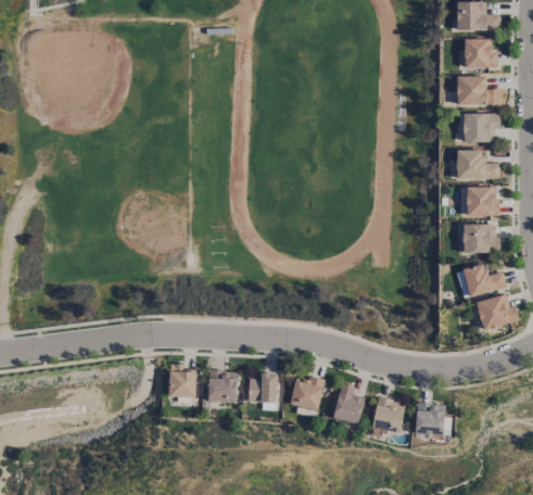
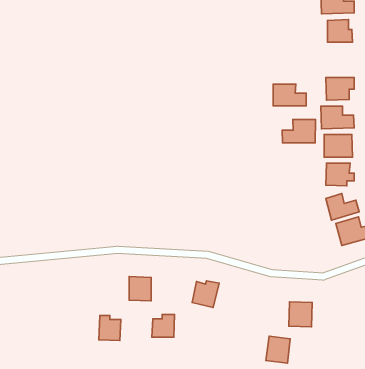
building: [457,76,499,104] -> [273,84,306,106]
building: none -> [282,119,316,143]
building: [168,364,196,396] -> [99,315,121,341]
building: [248,372,277,402] -> [152,315,175,337]
building: [332,383,365,423] -> none
building: [372,397,404,432] -> [266,336,290,363]

